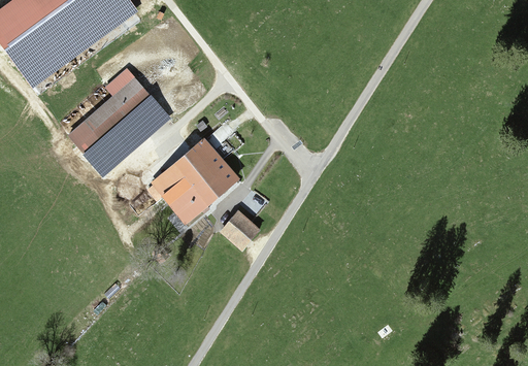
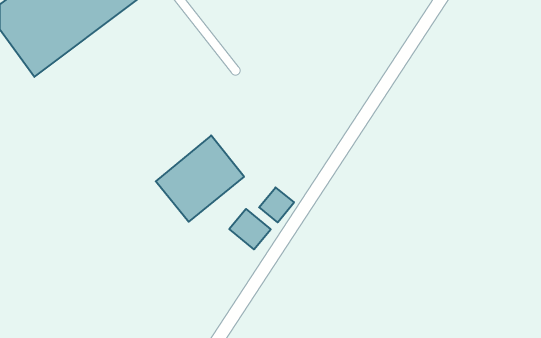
building: [70,70,168,172] -> none
building: none -> [259,187,294,222]

